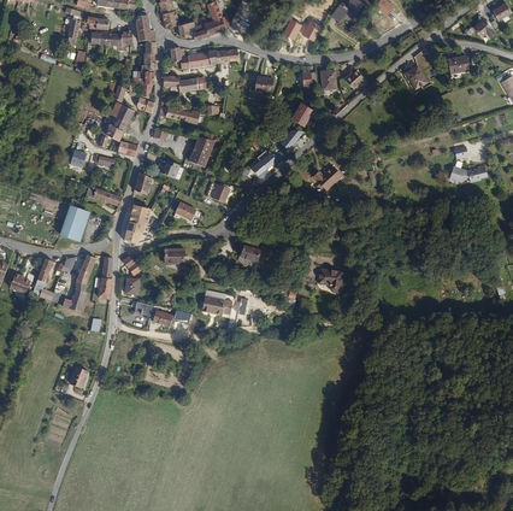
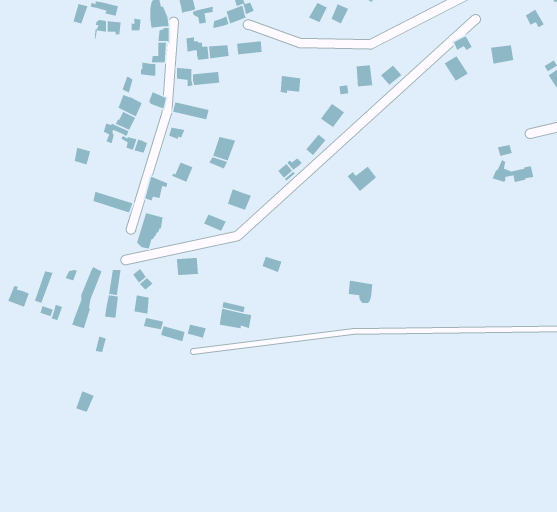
building: [59,207,88,242] -> none

